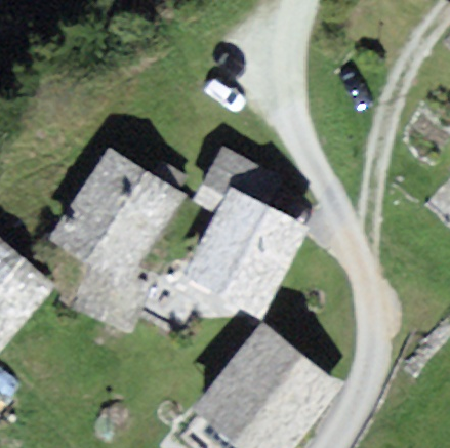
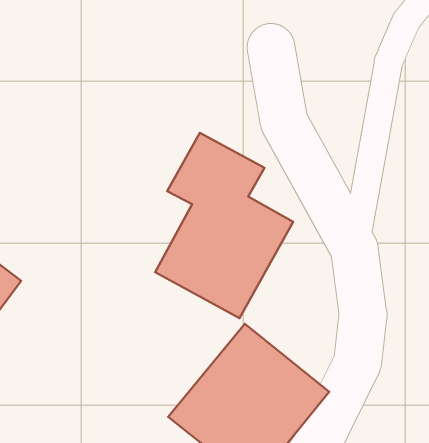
building: [46,145,182,333] -> none

